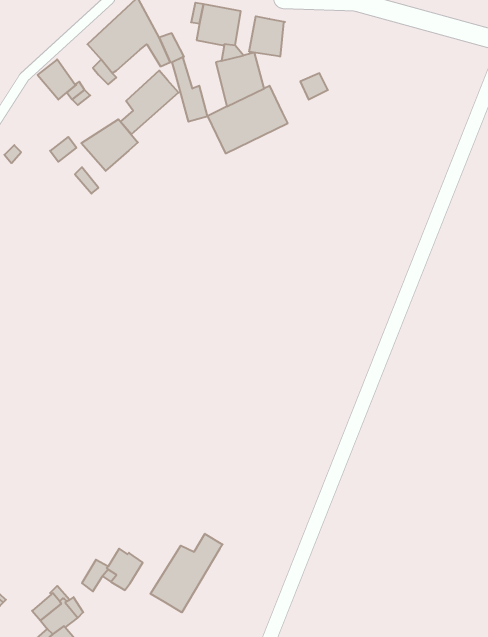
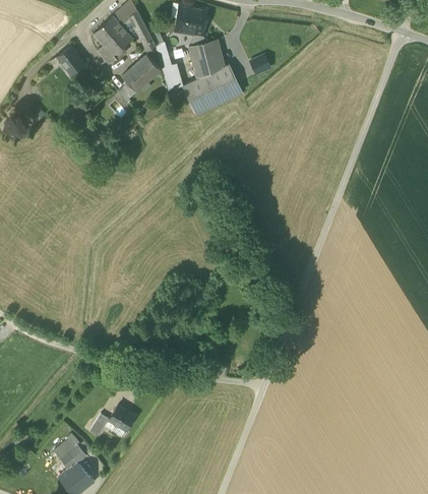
building: [249,16,285,57] -> none
building: [81,119,138,171] -> none
building: [150,534,223,612] -> none

